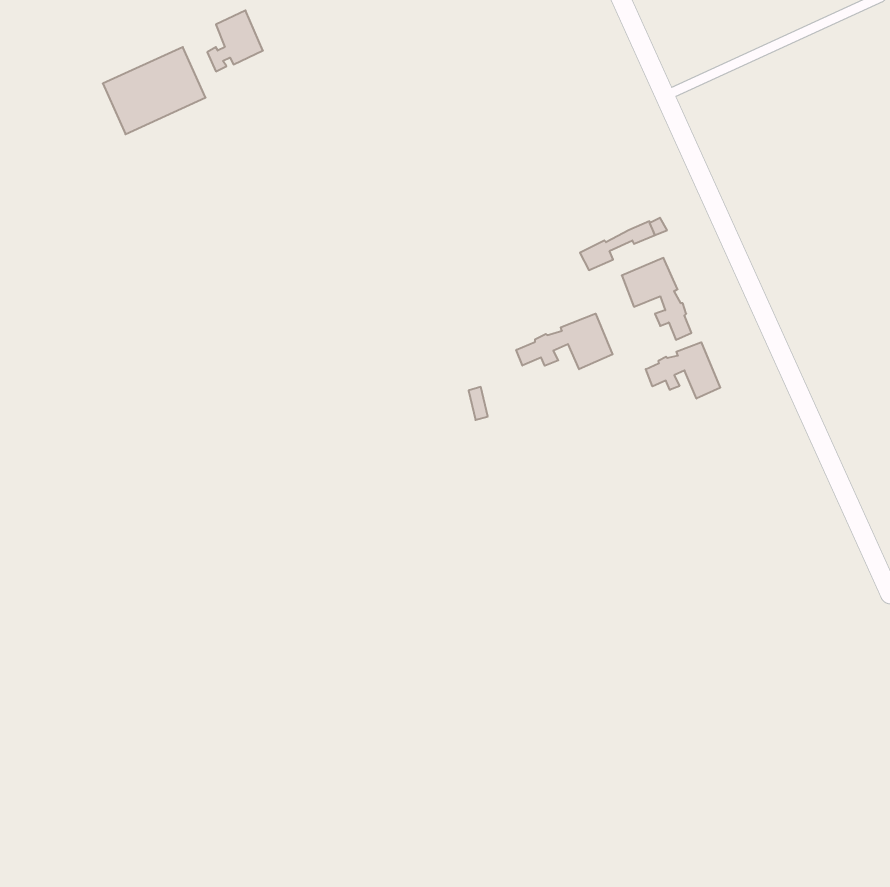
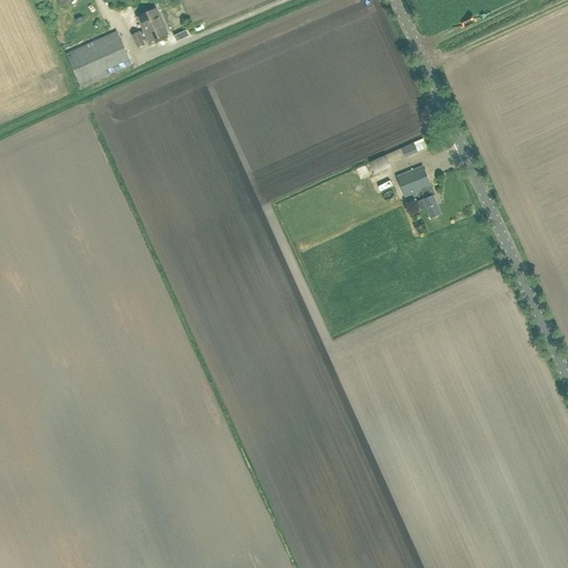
building: [516,314,613,369] -> none
building: [646,342,720,399] -> none

